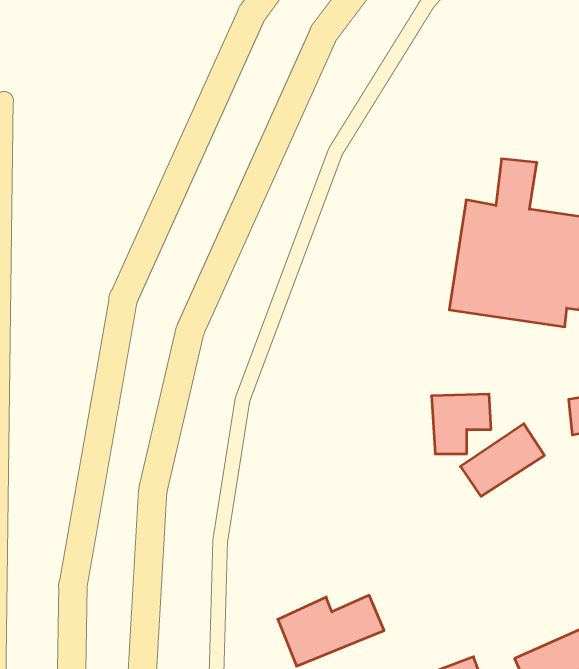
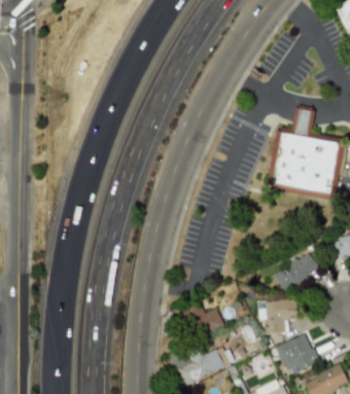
building: [431,394,491,454] -> [265,299,298,332]
building: none -> [184,302,224,337]
building: none -> [277,333,318,375]

